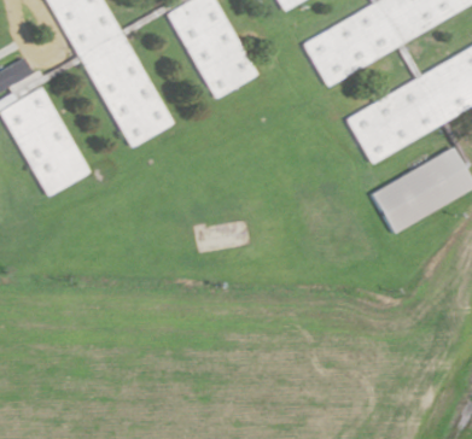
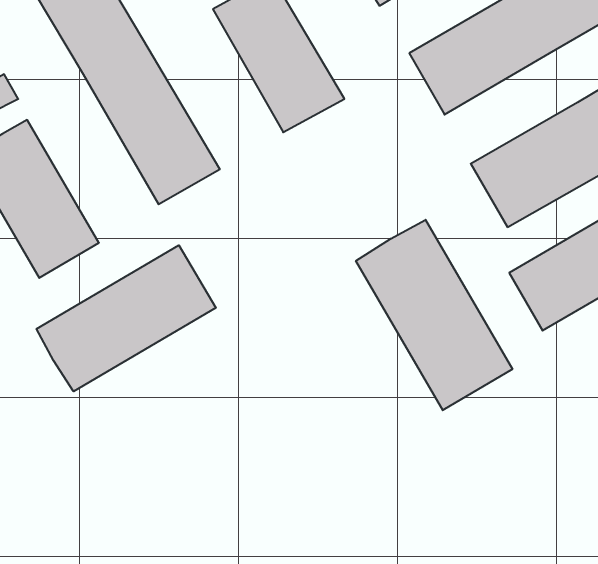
building: none -> [356,220,512,410]
building: none -> [37,245,216,391]

